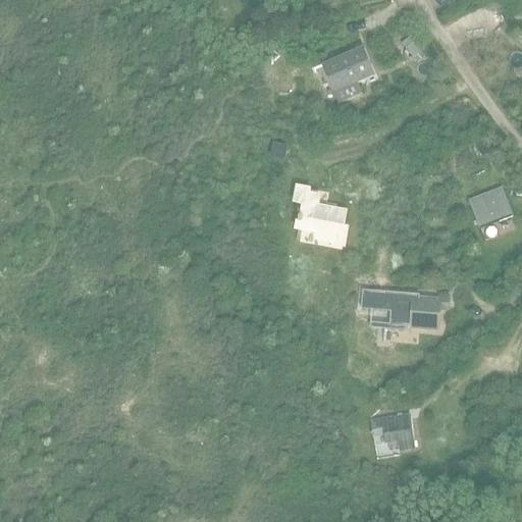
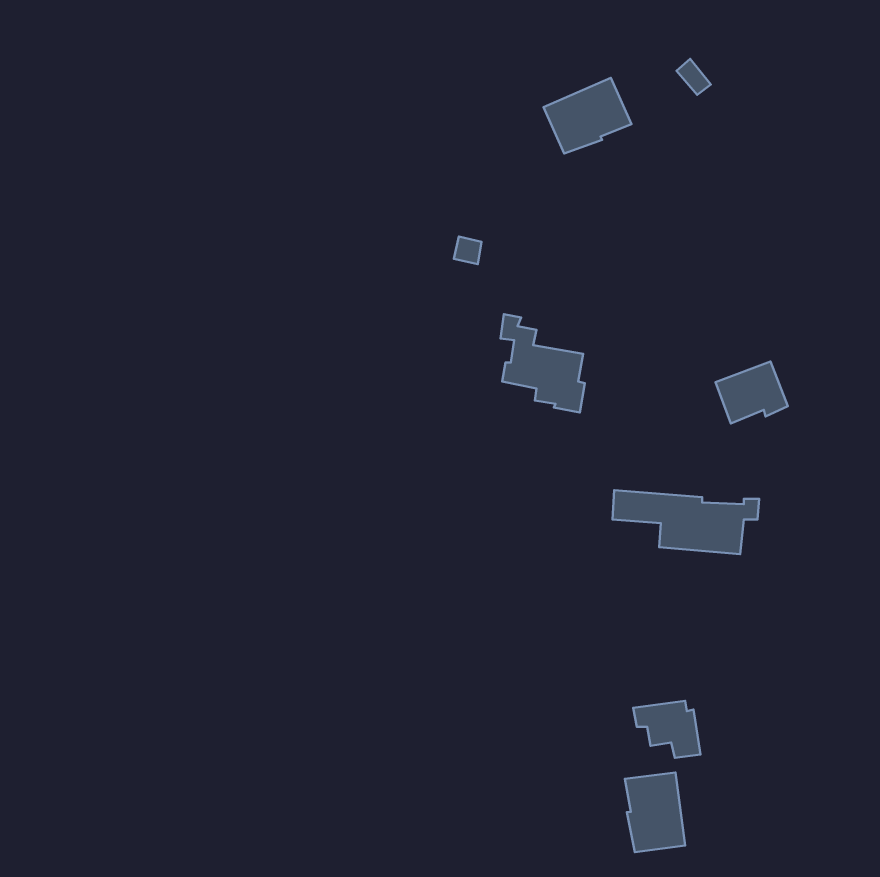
building: [469,187,512,223] -> [715,361,788,424]
building: none -> [625,772,685,852]

